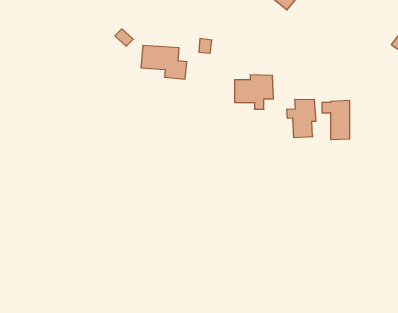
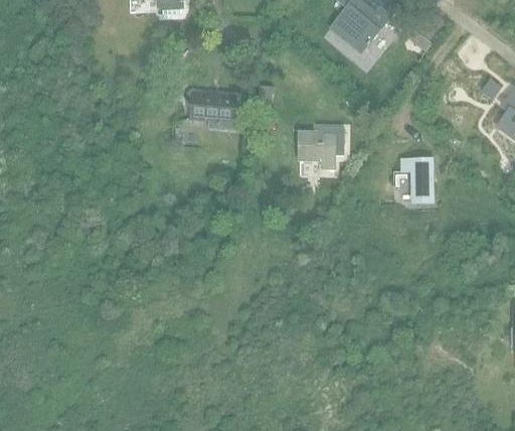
building: [287,99,316,138] -> none

